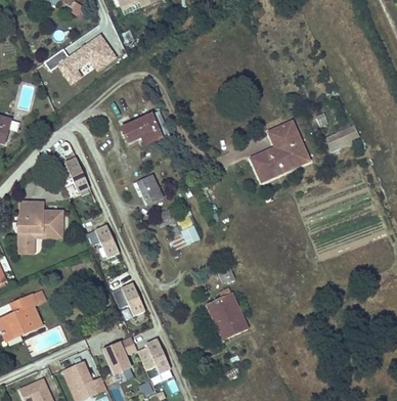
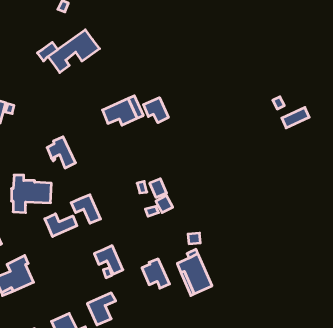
building: none -> [143,98,168,123]
building: [252,122,307,179] -> none
building: [133,175,162,204] -> none
building: none -> [45,214,77,237]
building: [138,339,170,372] -> [142,259,170,288]

